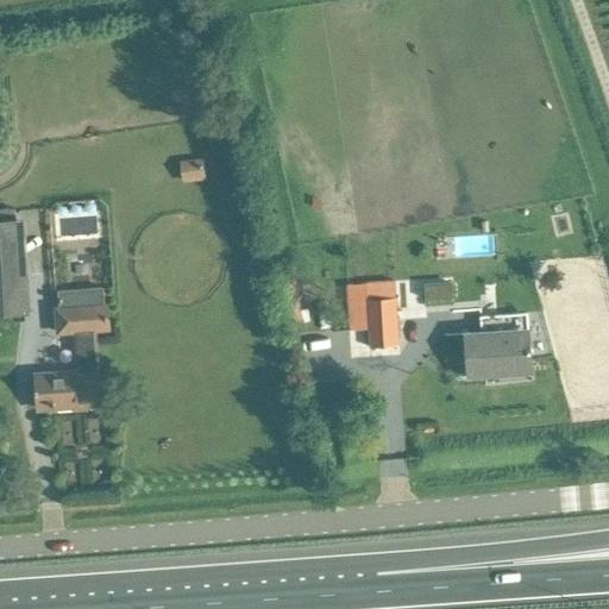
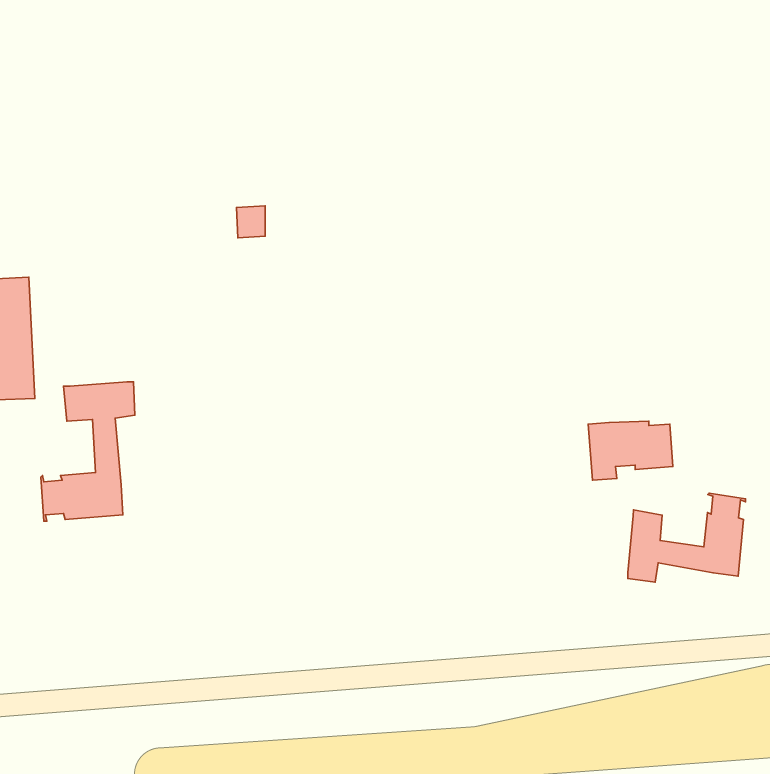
building: [345,282,394,346] -> none
building: none -> [628,493,745,582]

